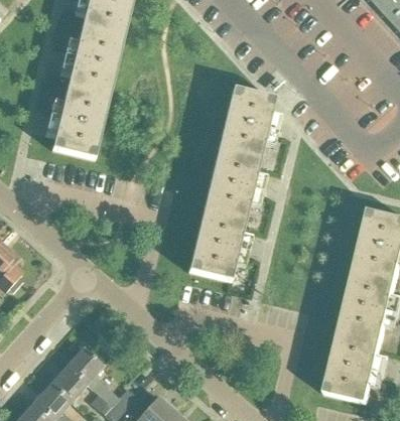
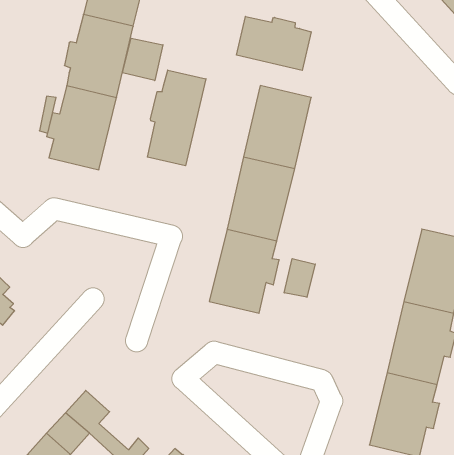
building: none -> [237,16,311,70]
building: none -> [122,38,163,81]
building: none -> [147,70,206,166]
building: none -> [284,259,315,297]

